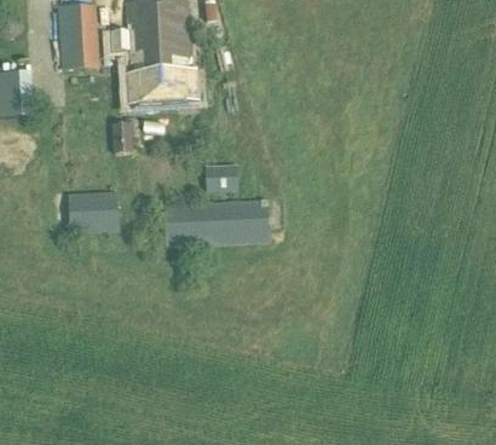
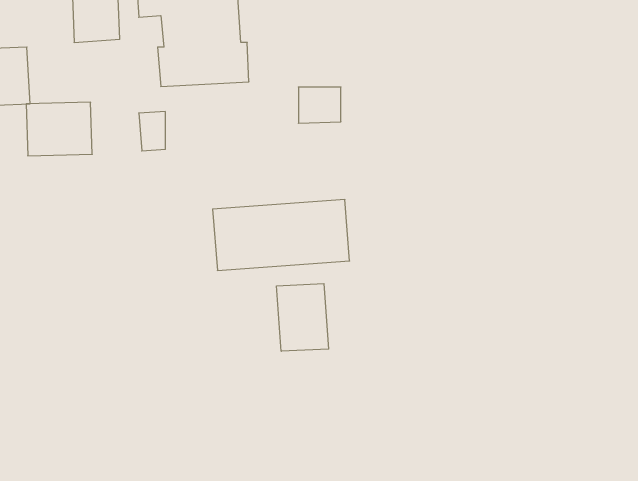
building: [206,166,238,193] -> [298,87,341,123]
building: [68,192,119,233] -> [26,102,92,156]
building: none -> [277,284,329,351]

